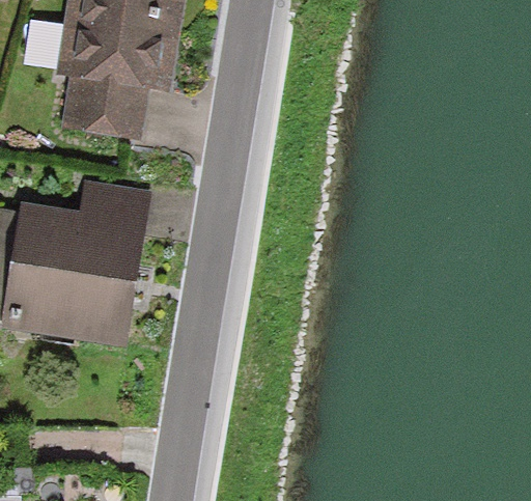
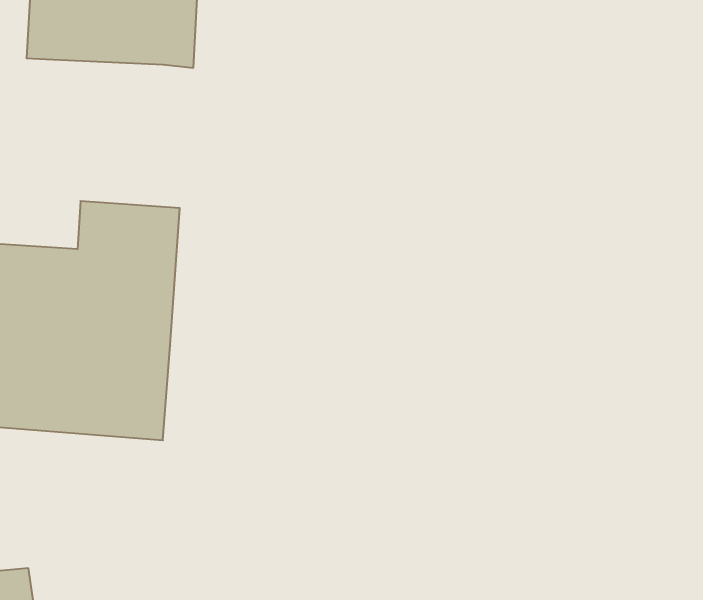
building: [60,77,148,139] -> none

